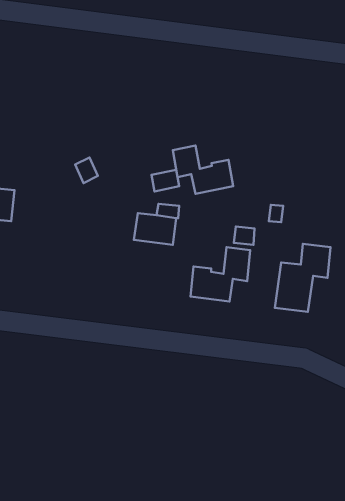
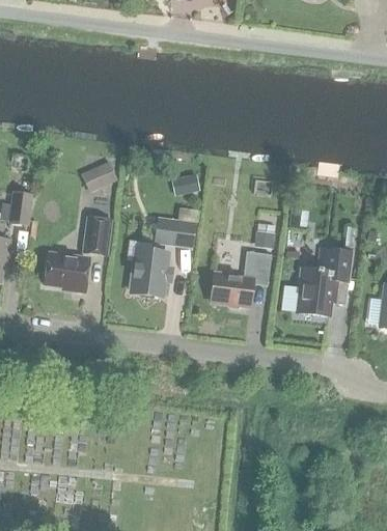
building: [173,145,233,194] -> none
building: none -> [44,217,111,289]
building: none -> [127,240,167,296]

